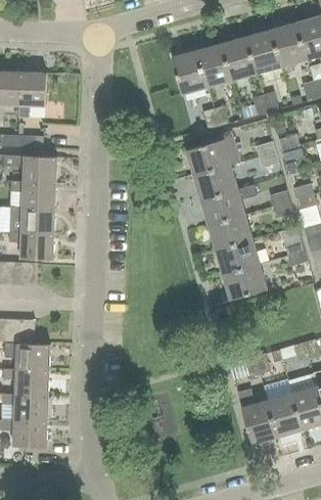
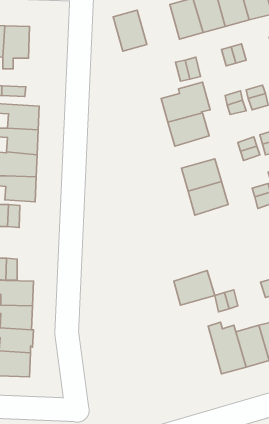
building: [171,49,207,93] -> [113,10,147,51]
building: [201,185,256,224] -> none
building: [223,263,267,300] -> [174,271,215,305]

